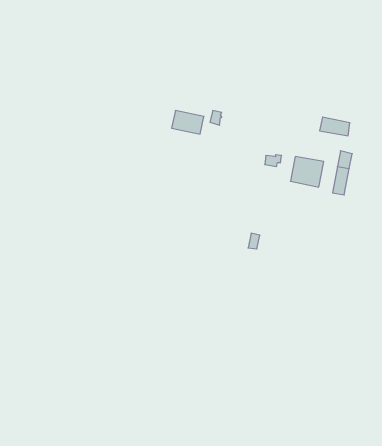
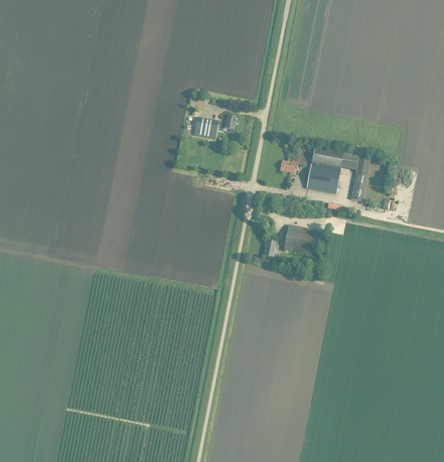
building: [320,117,350,136] -> [311,148,342,167]
building: none -> [283,224,315,255]

